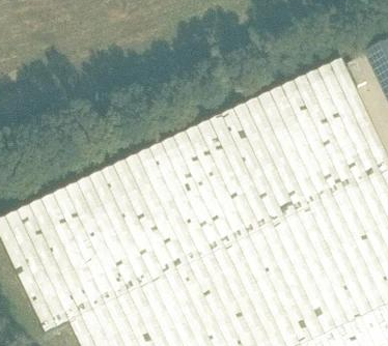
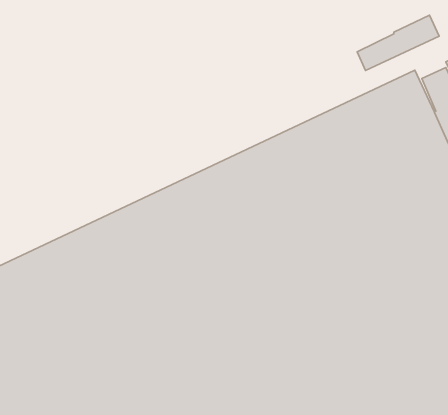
building: none -> [357,15,439,71]

